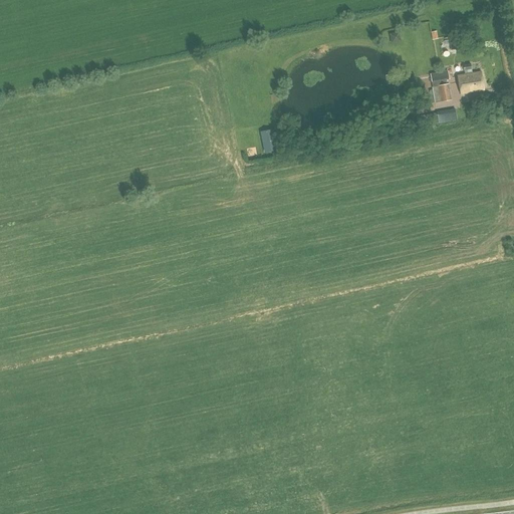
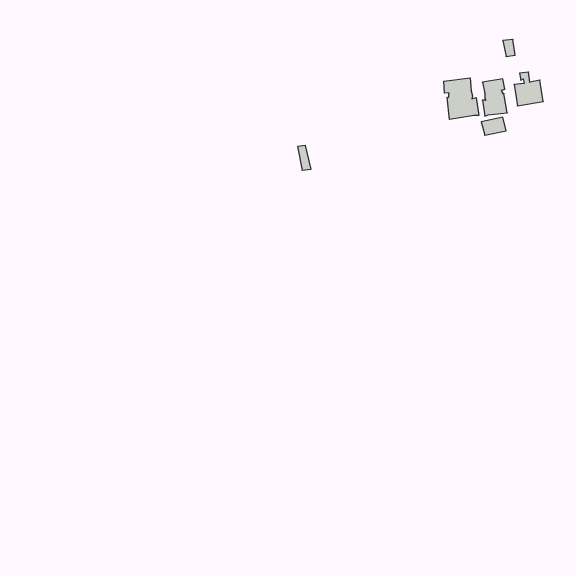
building: none -> [444,78,479,119]

